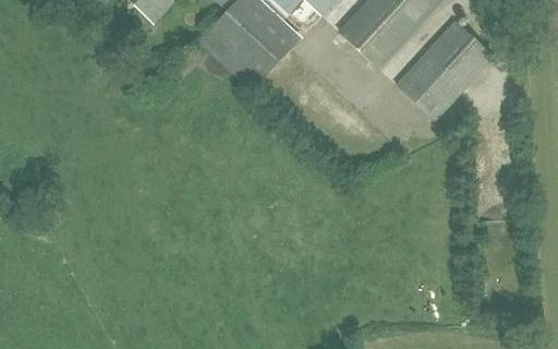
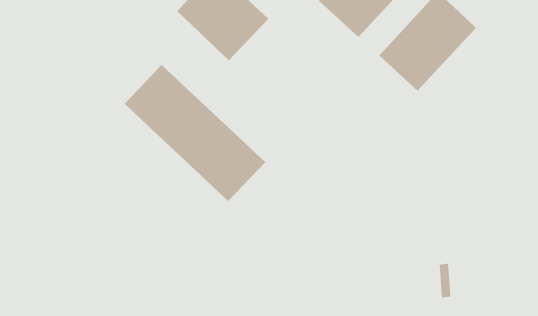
building: none -> [124,64,266,202]

